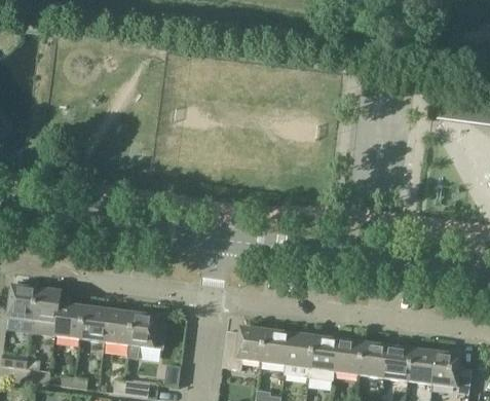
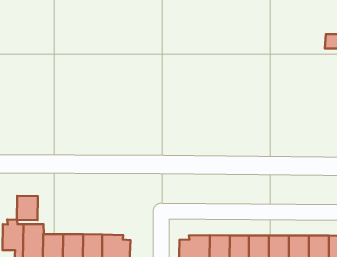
building: none -> [17,196,38,220]

